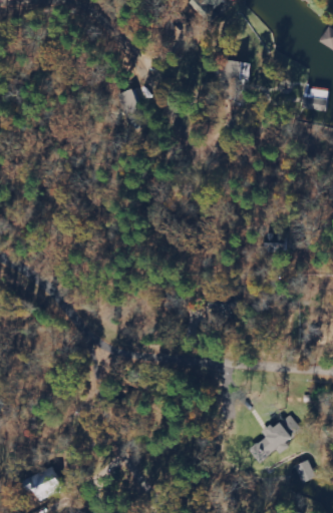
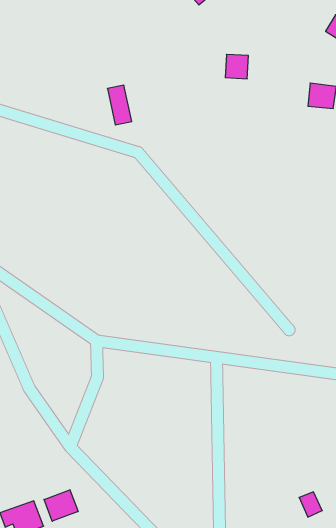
building: [249,415,302,462] -> none
building: none -> [44,490,78,521]

